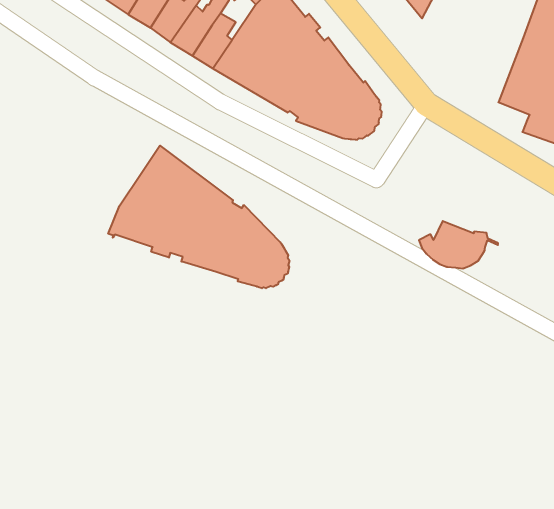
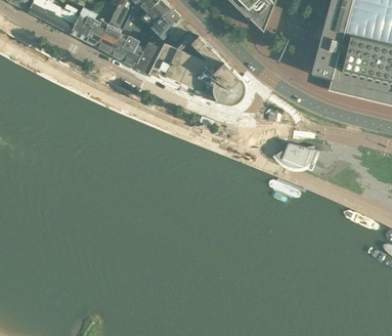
building: [108,146,289,288] -> none

